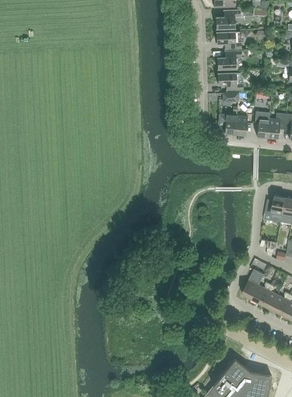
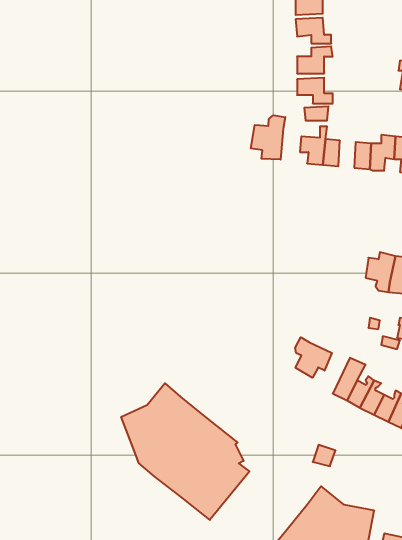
building: none -> [251,115,285,160]
building: none -> [295,337,332,378]
building: none -> [121,383,249,520]

